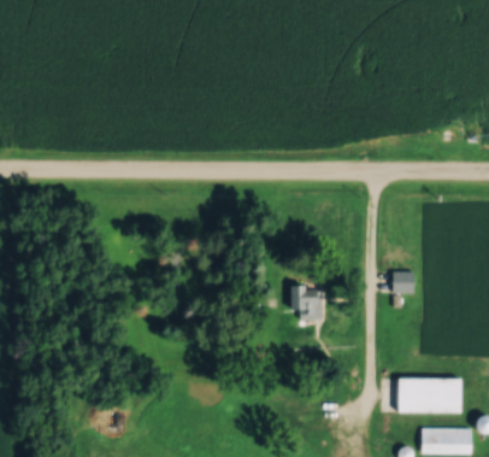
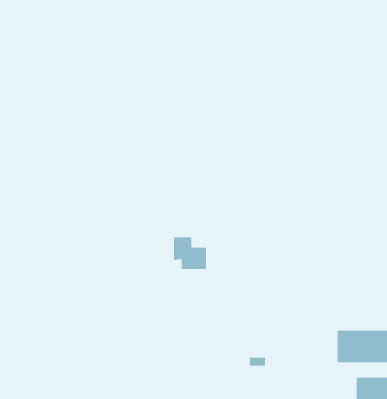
building: [387,273,414,292] -> none
building: [287,285,323,320] -> [173,237,207,270]

